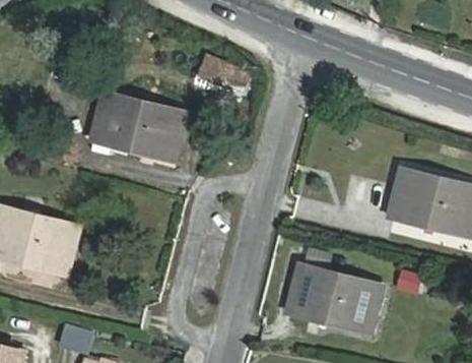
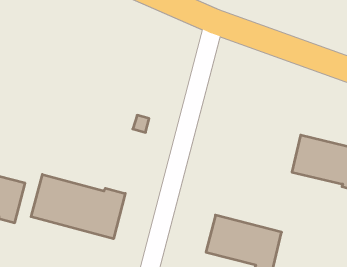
building: [94,94,184,160] -> none
building: none -> [31,174,125,239]

